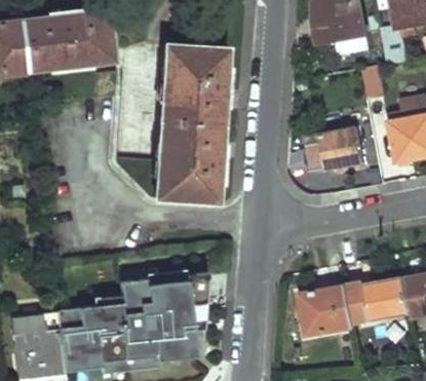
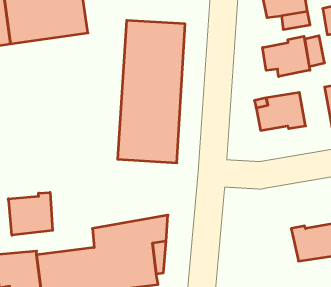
building: none -> [263,36,310,77]
building: none -> [8,192,53,235]
building: [301,283,357,335] -> none

